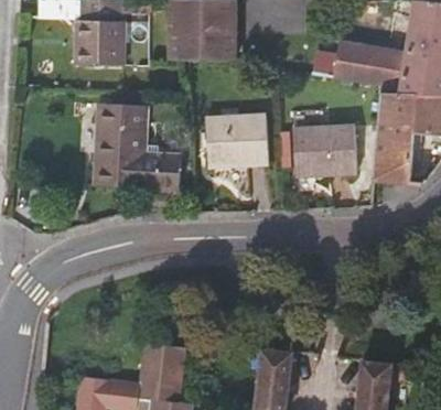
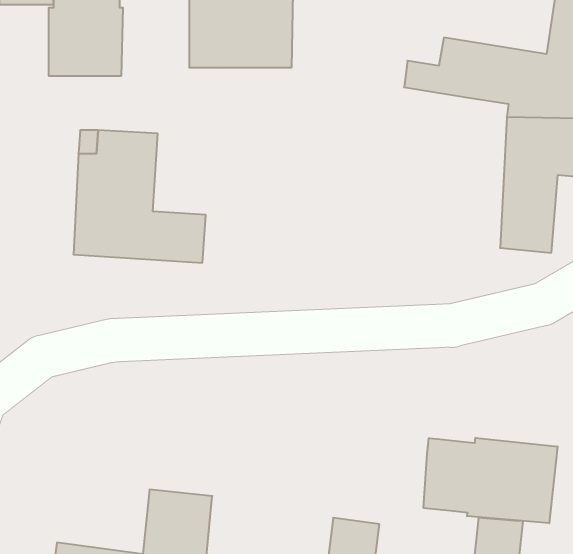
building: [205,114,269,168] -> none
building: [293,122,356,177] -> none
building: none -> [424,438,557,523]

